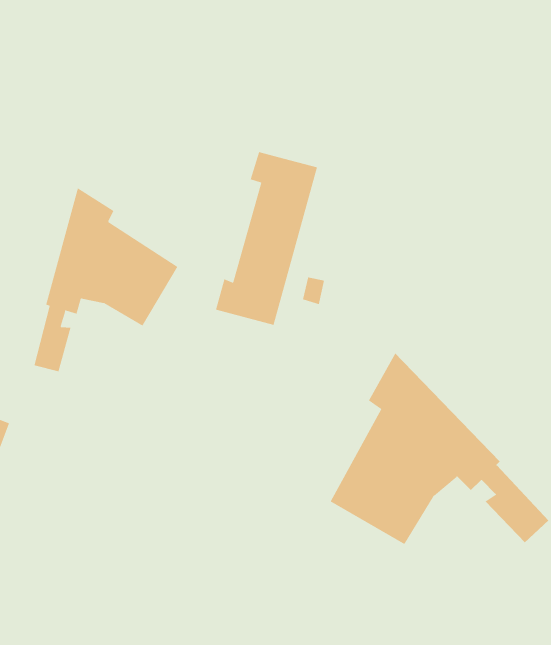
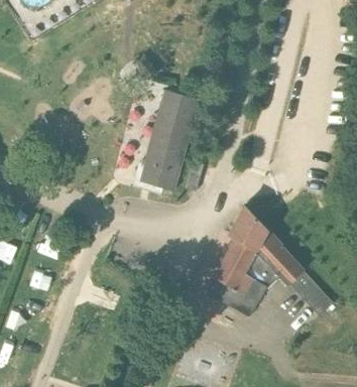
building: [34,187,178,372] -> none

